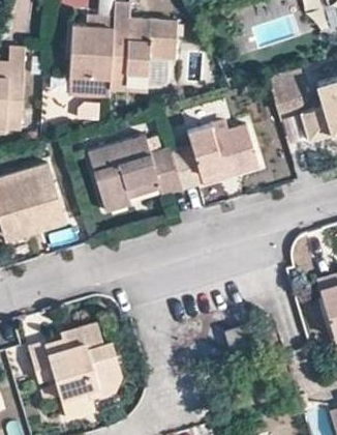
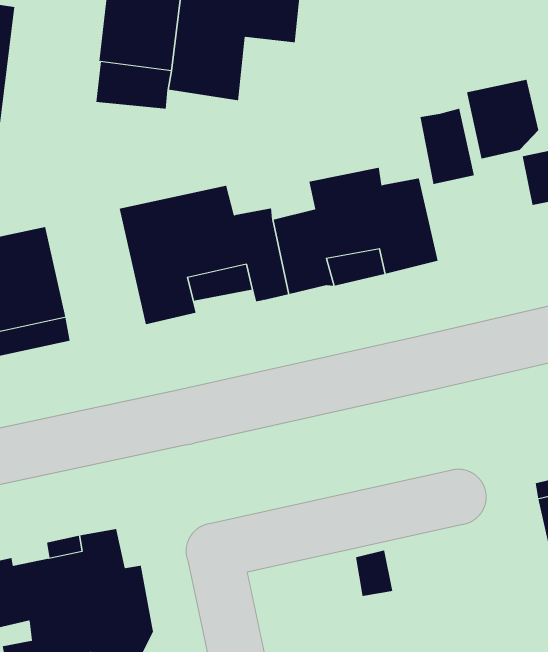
building: none -> [420,108,475,185]

